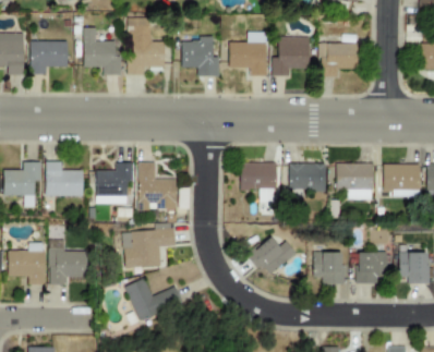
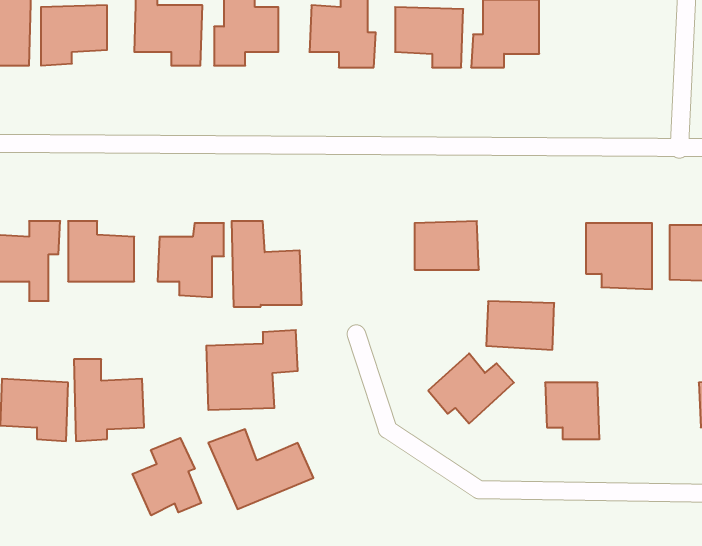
building: [321,43,359,76] -> none
building: [288,162,326,190] -> [486,301,554,350]
building: [357,251,391,281] -> none
building: none -> [132,438,201,515]

